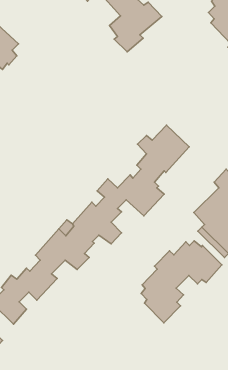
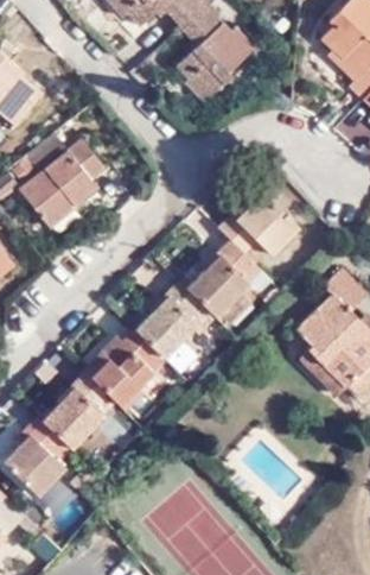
building: none -> [20,147,98,227]
building: [141,241,222,323] -> none

